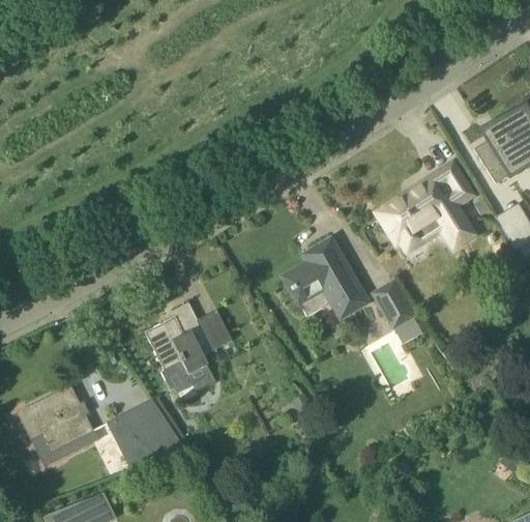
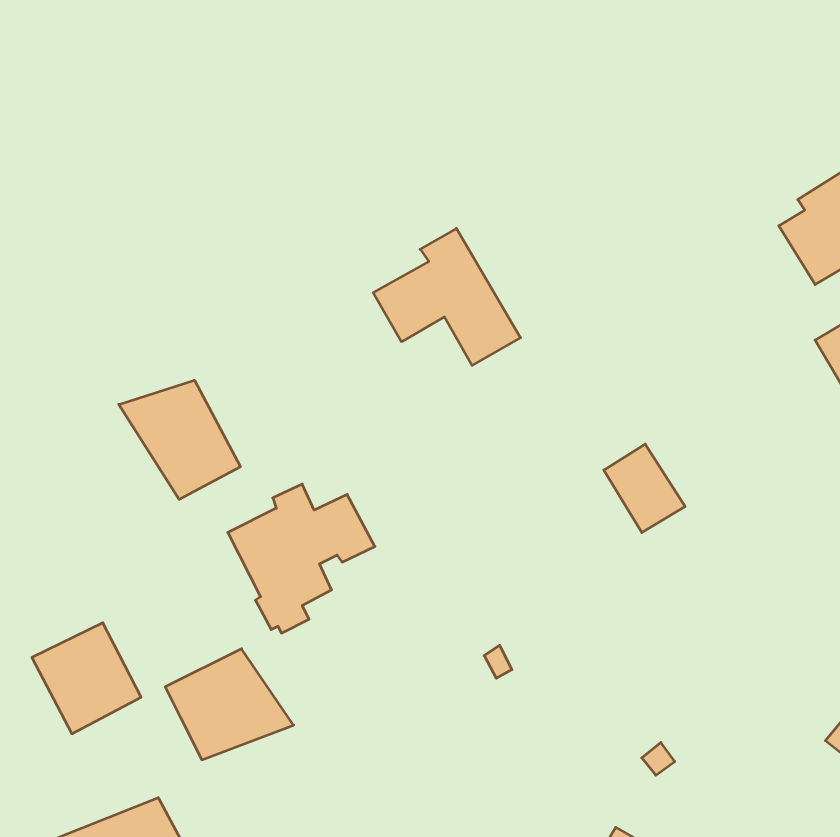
building: [379,164,475,252] -> none
building: [283,239,371,321] -> [373,228,521,365]
building: none -> [119,380,240,499]

